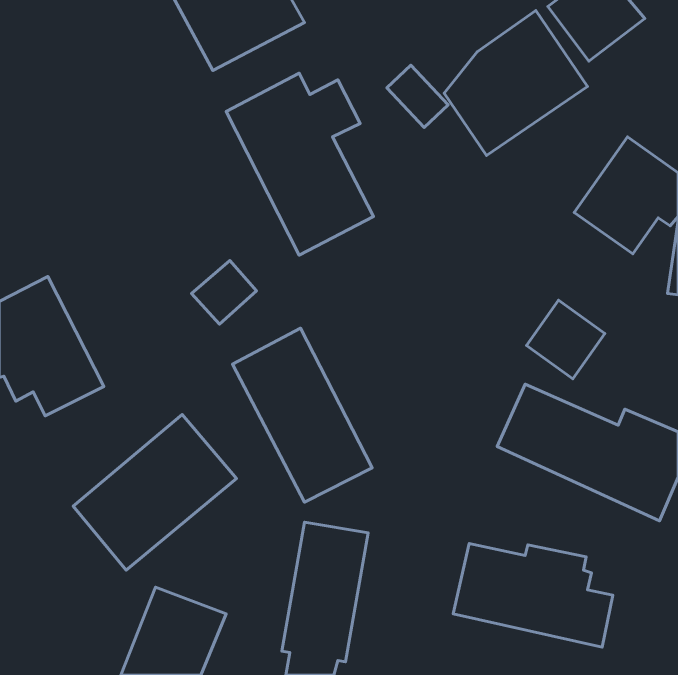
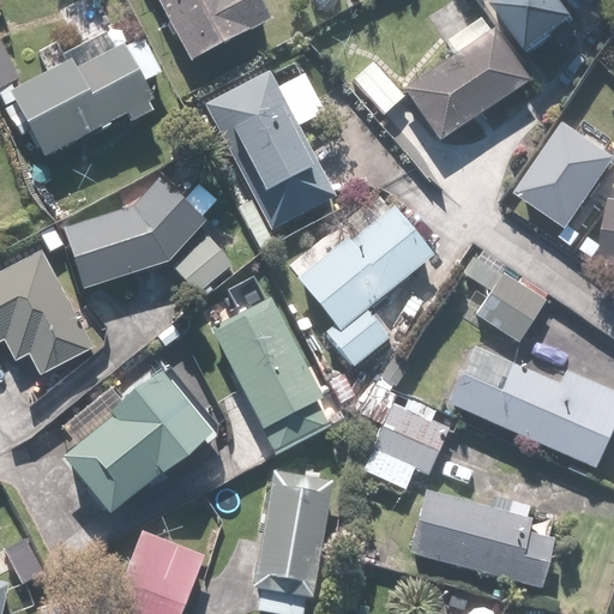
building: none -> [13,35,161,157]
building: none -> [66,176,217,289]
building: none -> [299,204,433,369]
building: none -> [362,393,447,489]

